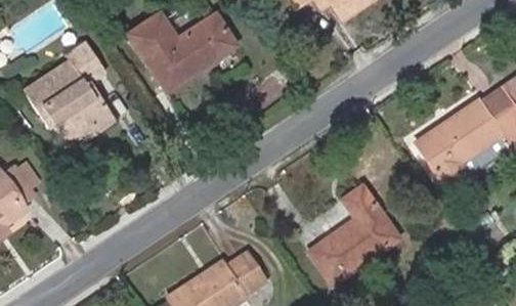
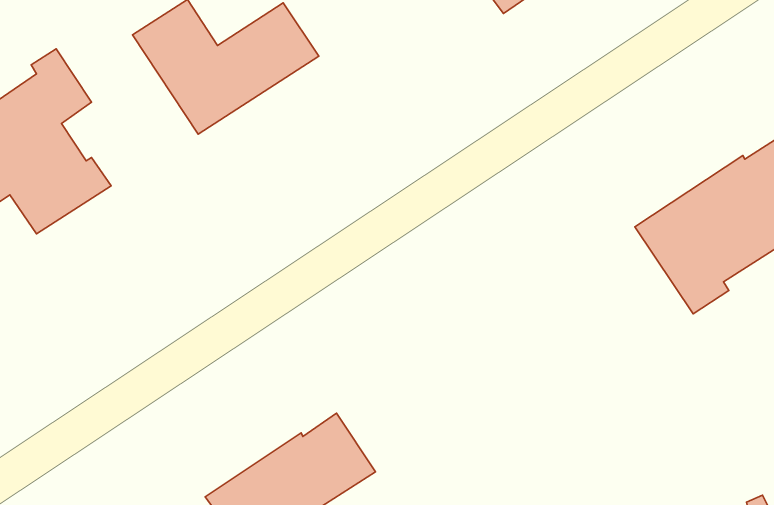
building: [309,186,399,286] -> none

